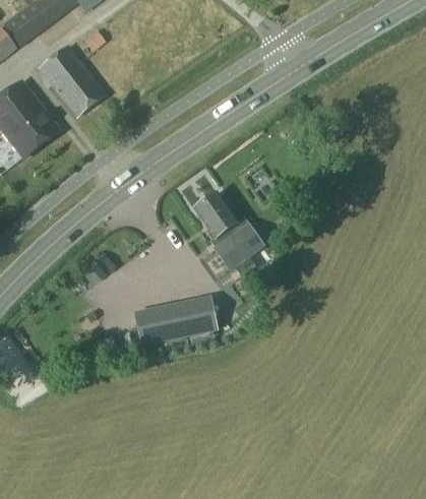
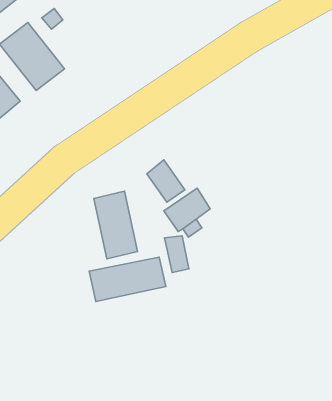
building: none -> [94,191,137,259]
building: none -> [165,236,189,272]

